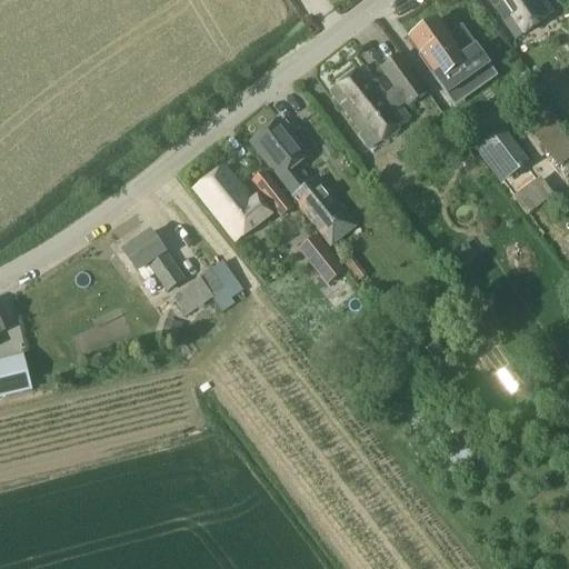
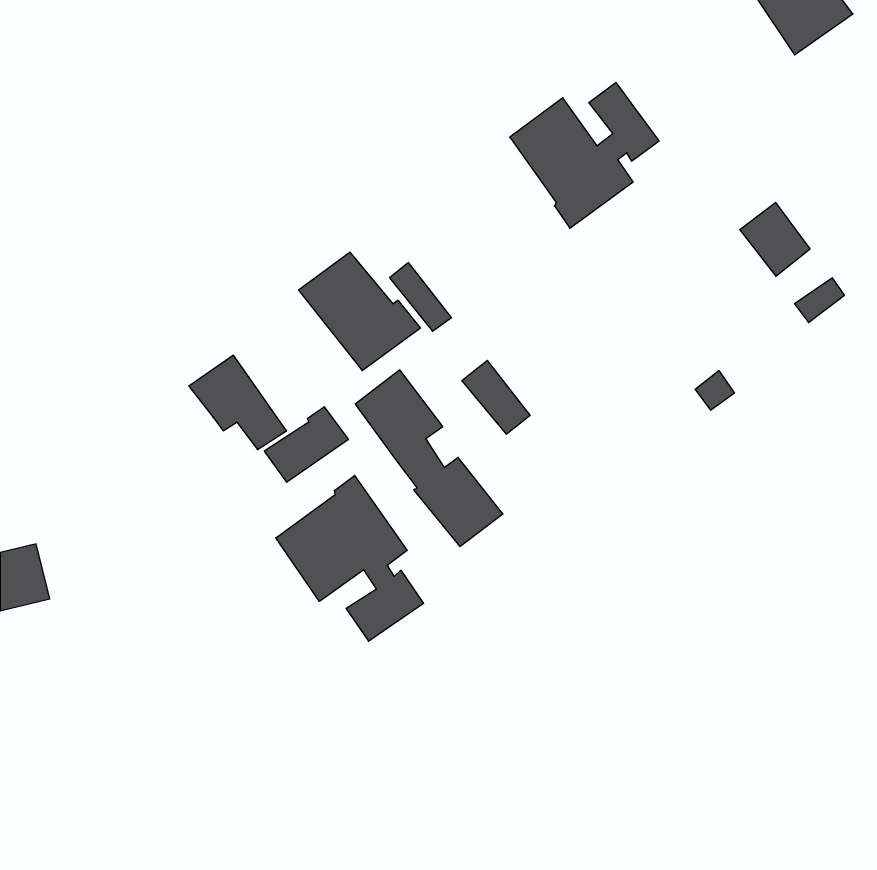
building: [410,17,488,91] -> none
building: [252,118,348,232] -> [355,370,503,547]
building: none -> [276,475,424,641]

